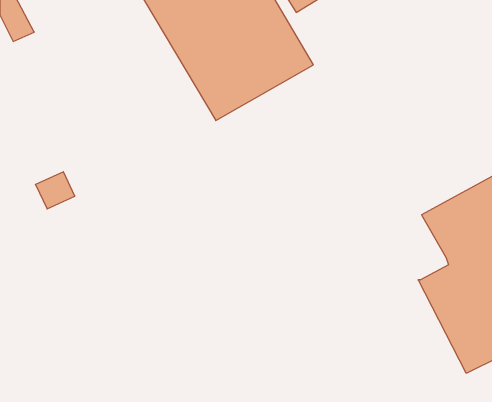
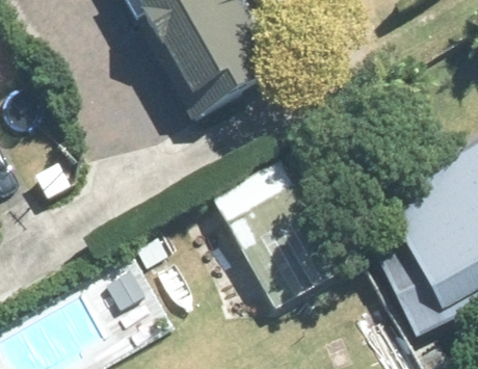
building: none -> [214,162,339,312]

